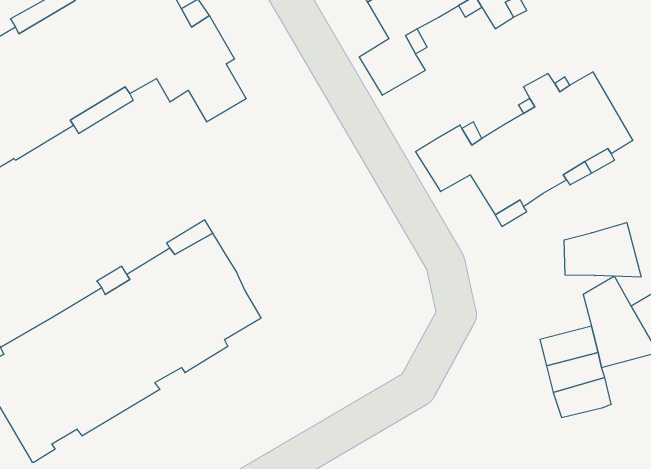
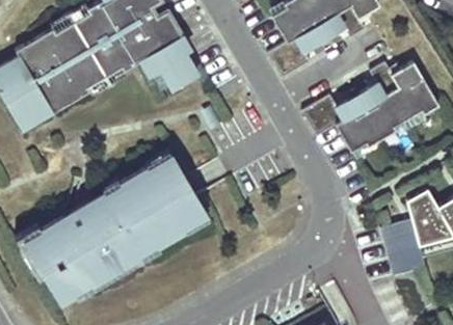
building: [564,222,641,277] -> none

